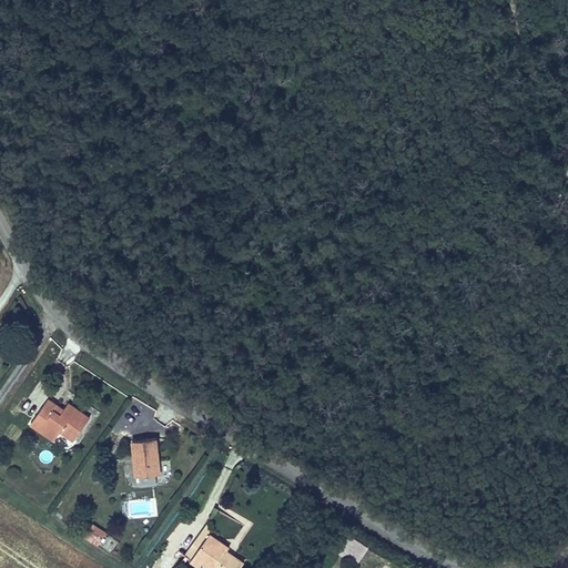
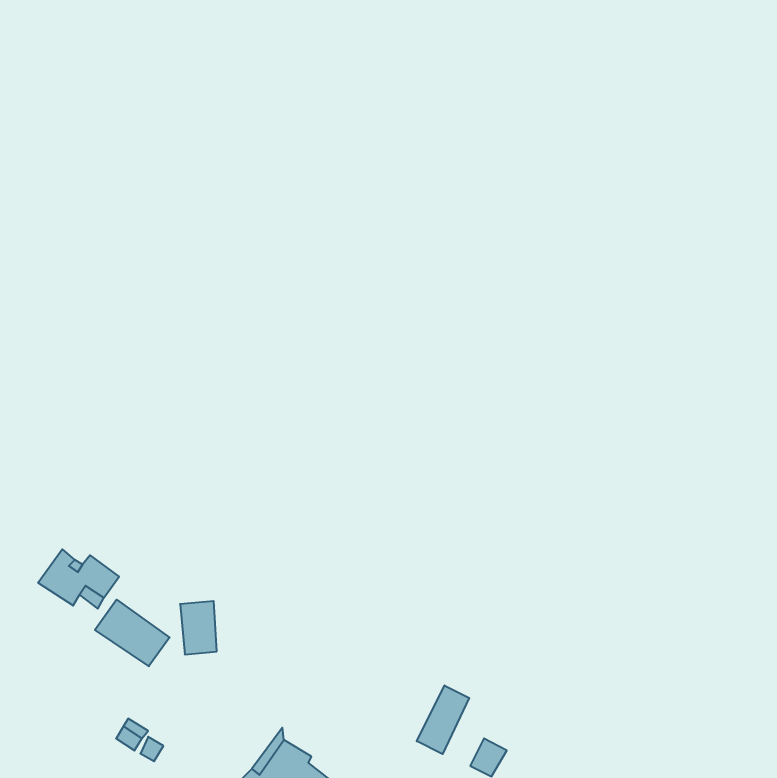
building: none -> [95,600,170,666]
building: none -> [417,685,469,754]

